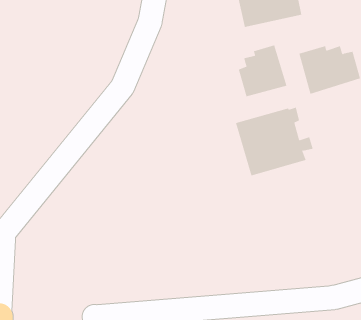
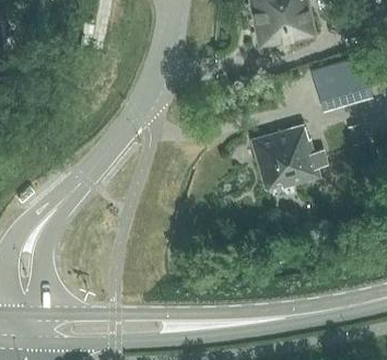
building: [238,44,287,97] -> none

